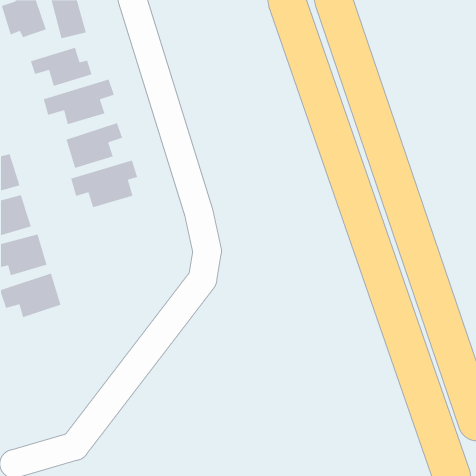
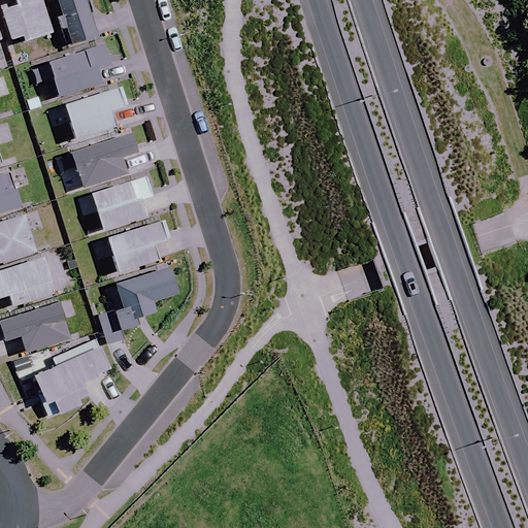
building: none -> [93,220,170,271]
building: none -> [98,267,178,345]
building: none -> [35,338,109,417]

